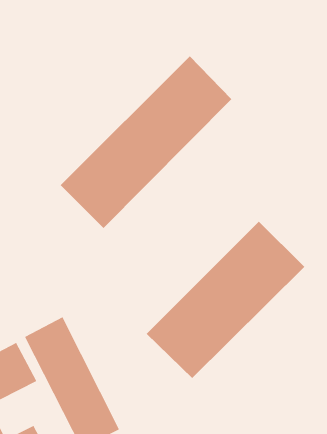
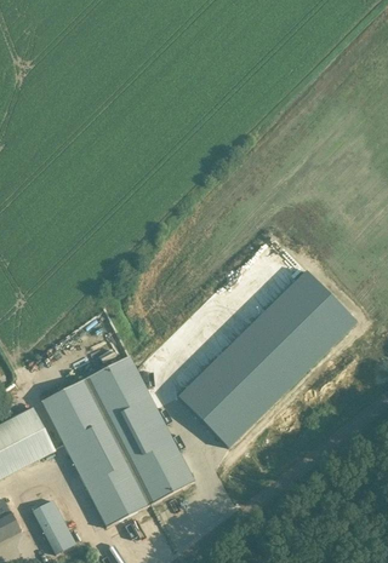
building: [60,55,232,229] -> none
building: none -> [89,355,193,499]

